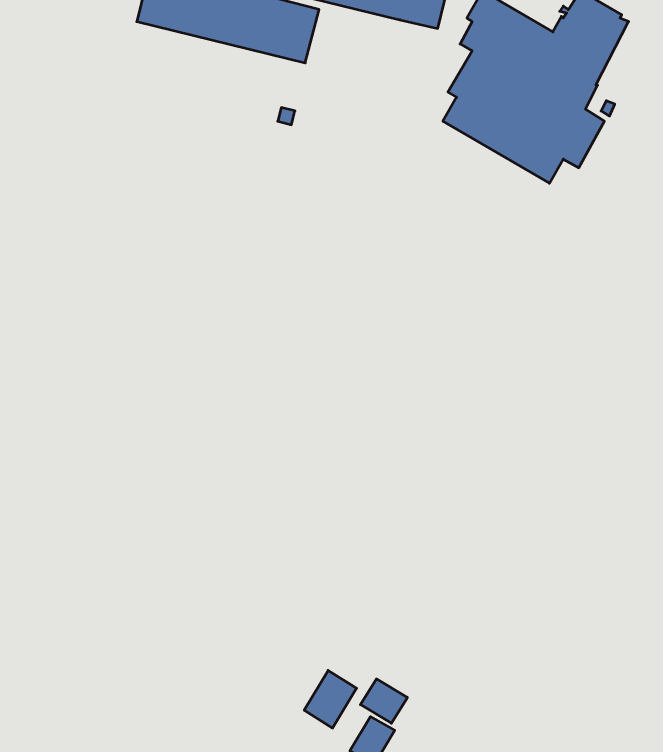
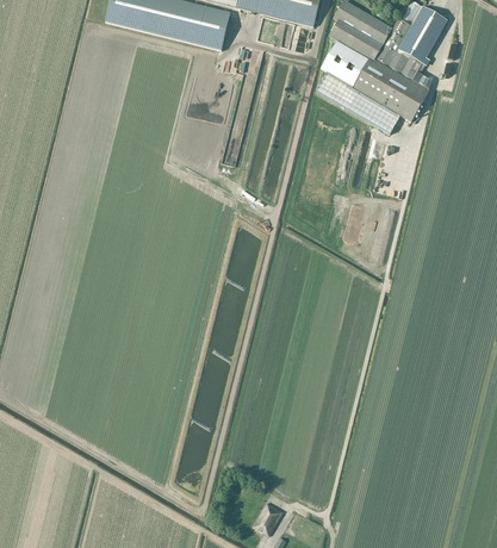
building: [304,670,357,728] -> none
building: [360,679,407,723] -> none

